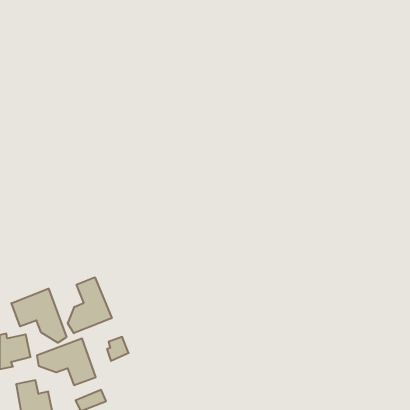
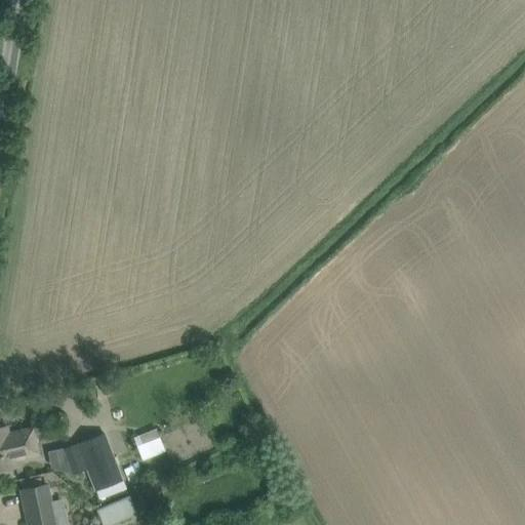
building: [68,277,112,333] -> none
building: [11,289,66,343] -> none

